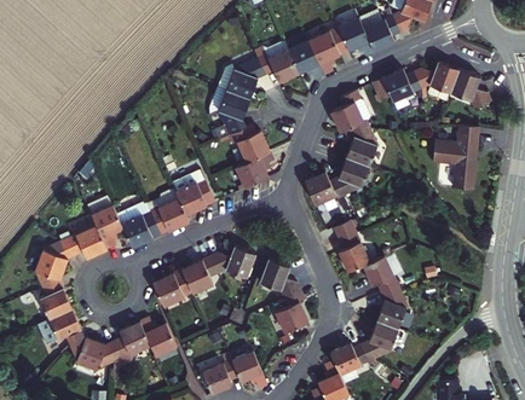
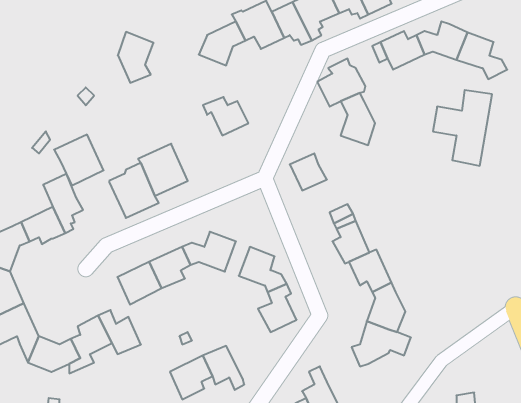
building: [218,88,249,133] -> [118,32,154,83]
building: [233,149,273,186] -> none
building: [330,160,374,199] -> none
building: [117,201,161,245] -> [54,135,104,185]
building: [328,346,367,376] -> none

